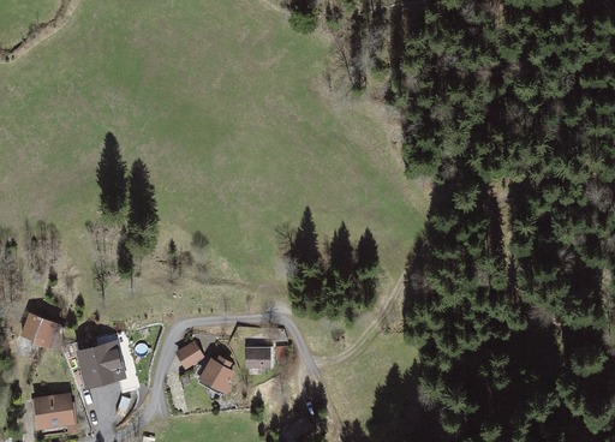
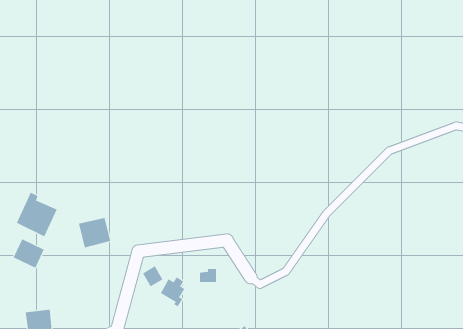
building: none -> [16,192,58,237]
building: [80,345,120,382] -> [78,217,111,248]

